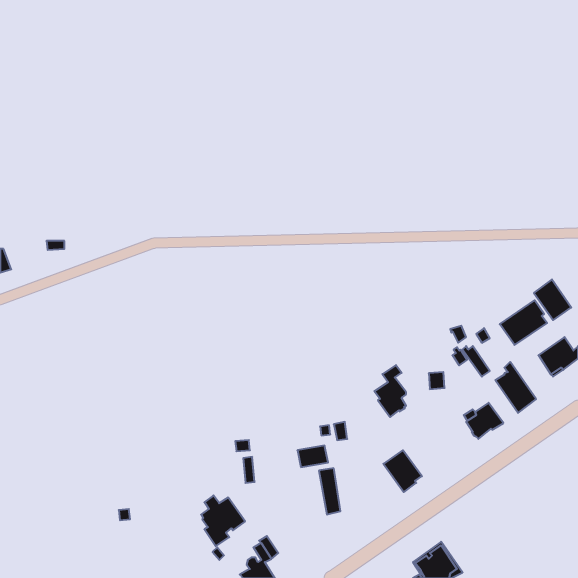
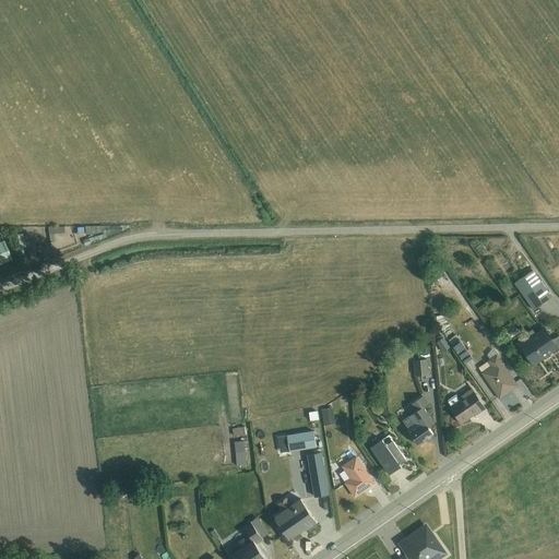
building: [500,300,547,345] -> none
building: [374,365,406,417] -> [403,395,433,445]
building: none -> [340,455,374,497]
building: [201,495,245,546] -> [275,497,318,546]

